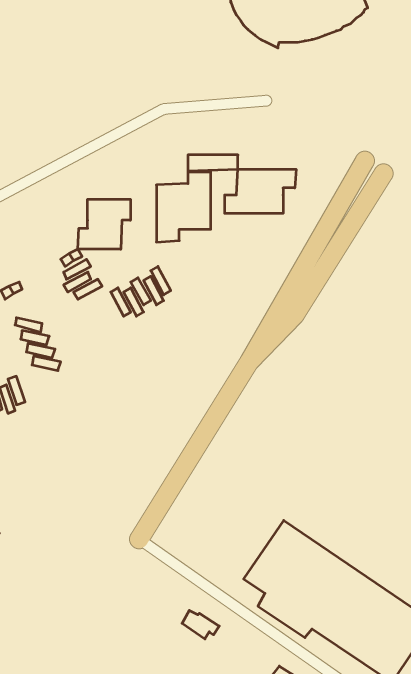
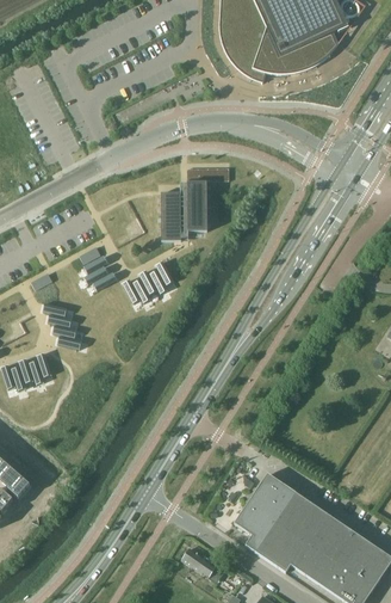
building: [225,169,296,213] -> none
building: [78,199,130,249] -> none

